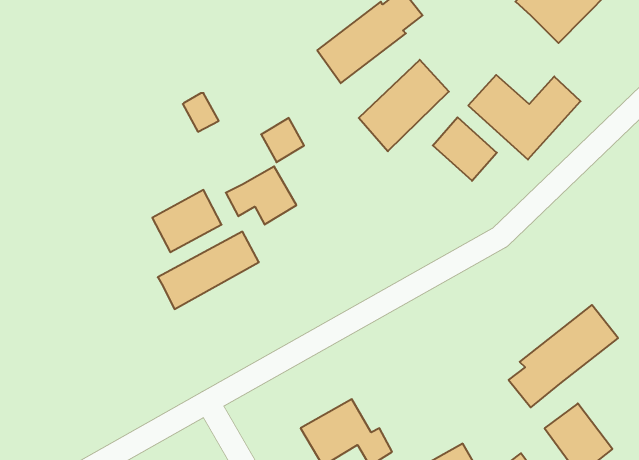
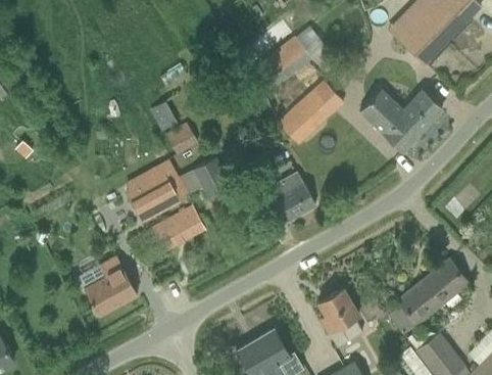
building: [433,117,497,181] -> none
building: [261,118,304,162] -> [165,123,197,155]
building: none -> [266,174,314,223]
building: none -> [84,256,137,316]
building: none -> [317,288,361,347]

